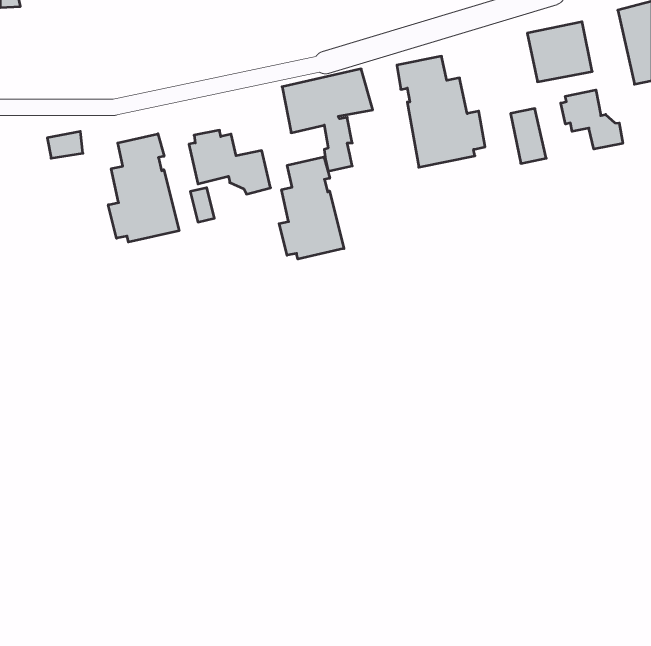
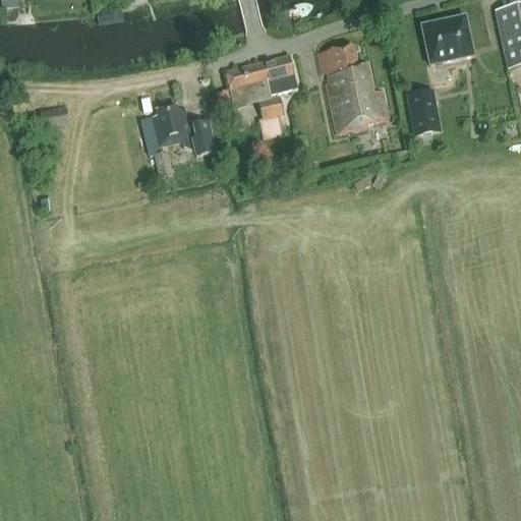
building: [561,90,623,149] -> none
building: [108,134,179,242] -> none
building: [279,157,344,259] -> none

